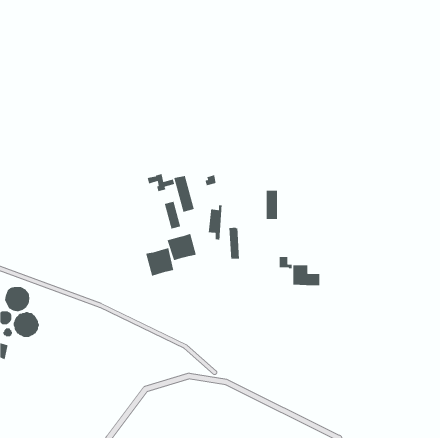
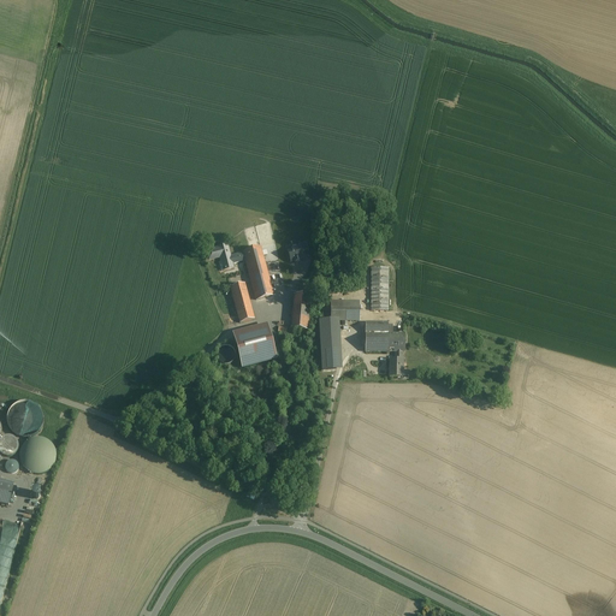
building: none -> [328,296,359,318]
building: [145,247,174,277] -> none
building: [292,264,320,286] -> [365,319,403,349]

